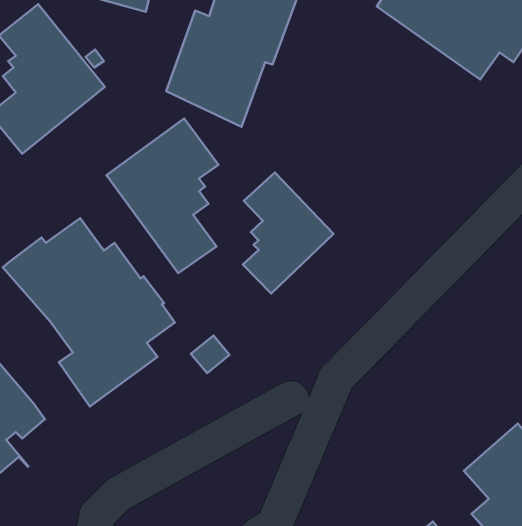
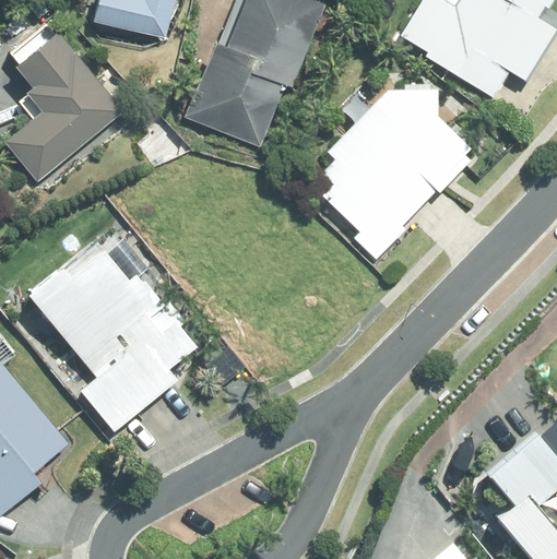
building: none -> [323,82,473,258]
building: [107,119,219,273] -> none
building: [243,172,333,293] -> none

